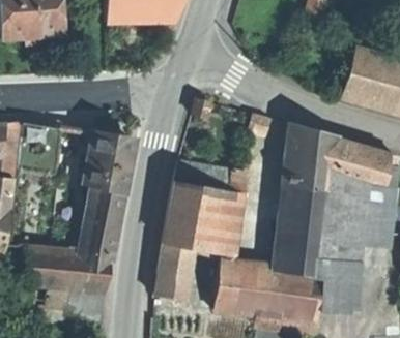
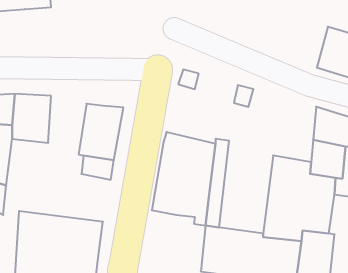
building: [290,122,336,192] -> none
building: [80,205,118,255] -> none
building: [155,243,188,294] -> none

